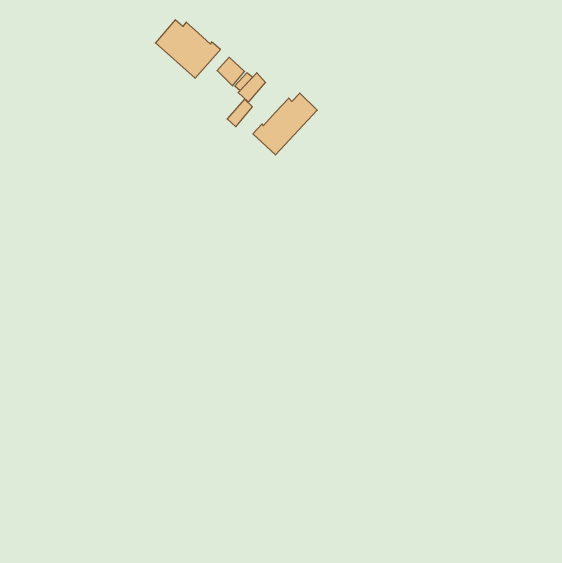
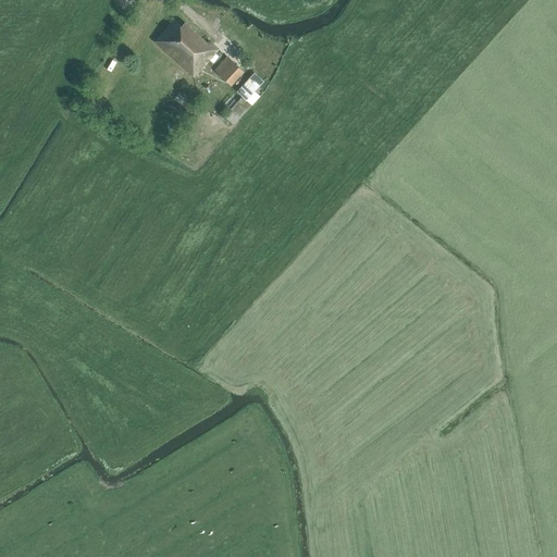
building: [253,93,317,155] -> none

